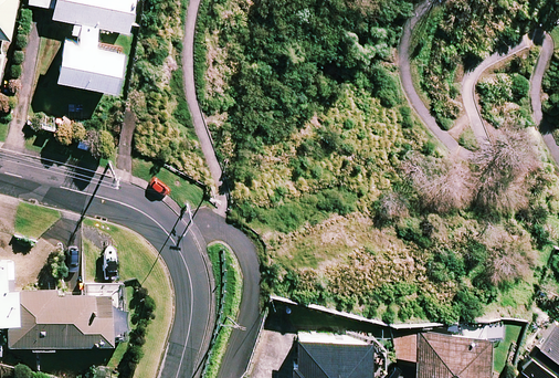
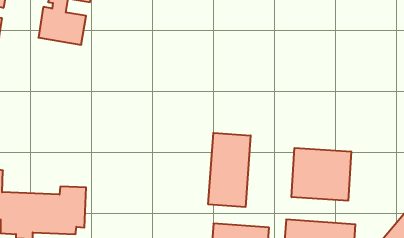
building: none -> [208,133,251,207]
building: none -> [292,148,351,201]

